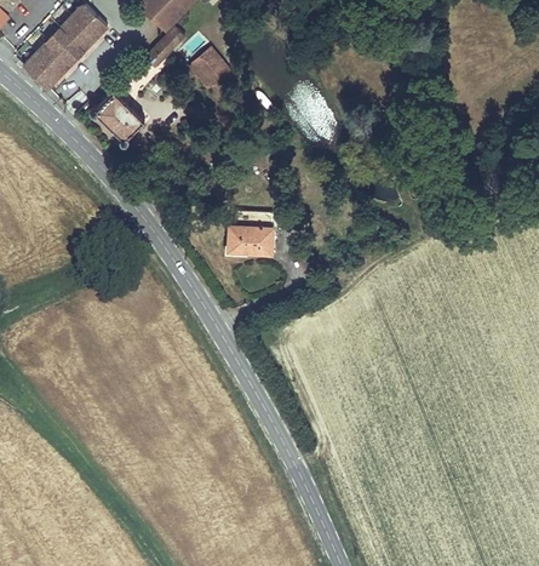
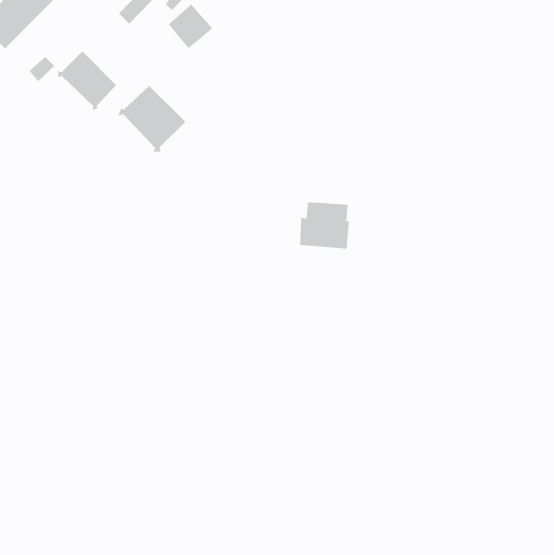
building: none -> [117,85,186,153]
building: [228,211,273,253] -> [299,201,350,250]

